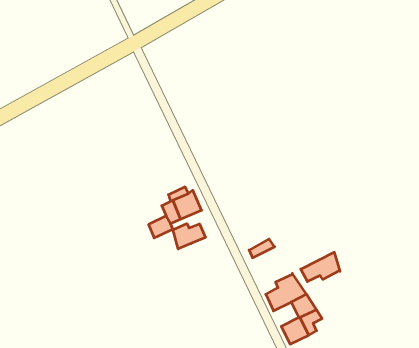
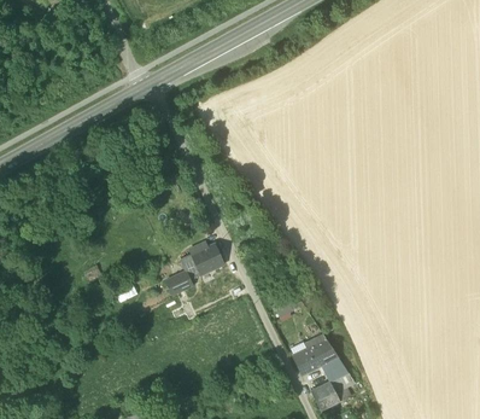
building: [173,224,205,249] -> none
building: [301,252,340,282] -> none

